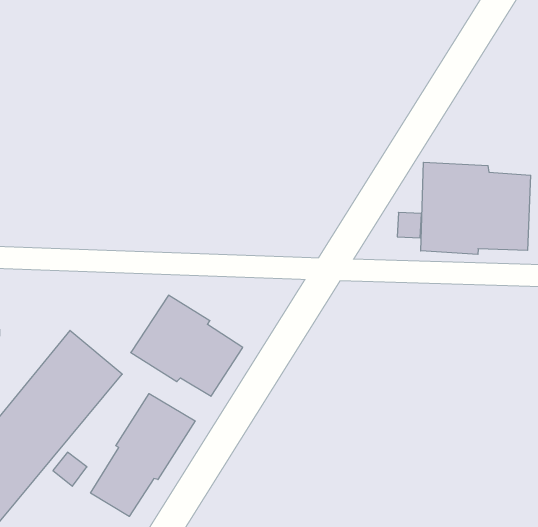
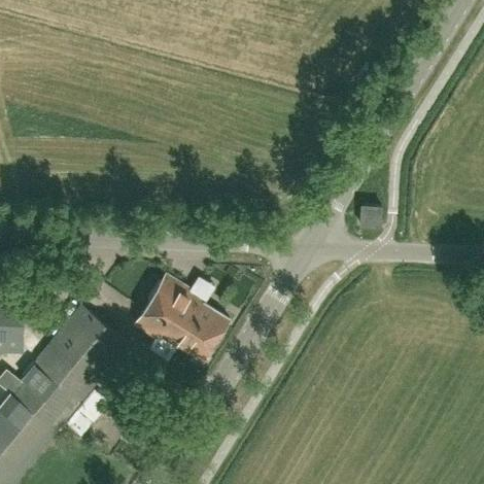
building: [421,162,531,254] -> none
building: [91,394,195,516] -> none

